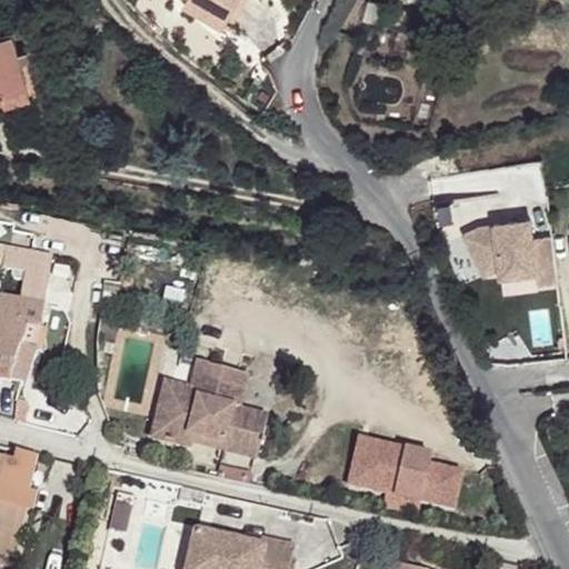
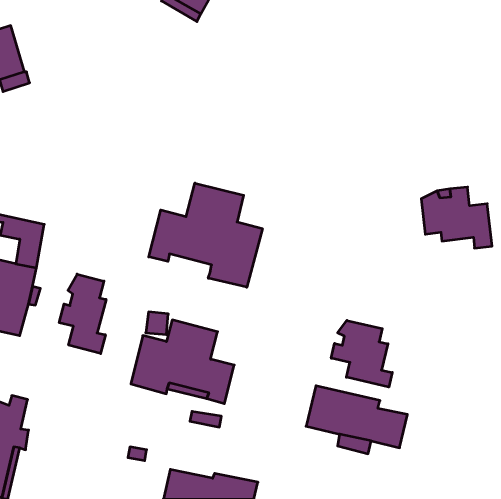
building: none -> [149,183,262,287]
building: none -> [59,274,106,354]
building: none -> [331,320,392,387]

